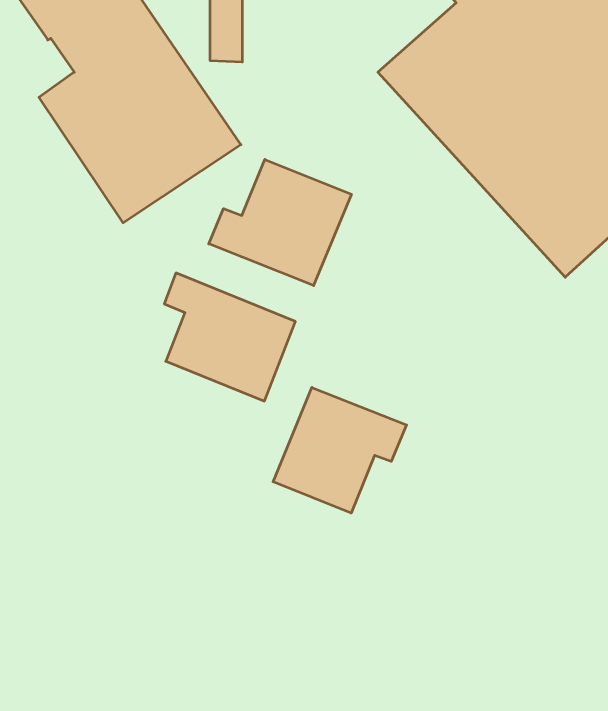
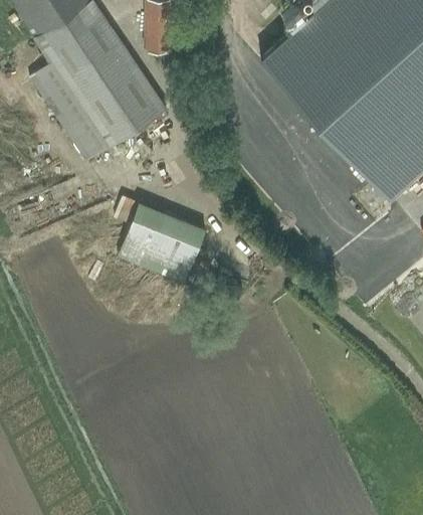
building: [209,159,351,286] -> none
building: [273,387,407,513] -> none

